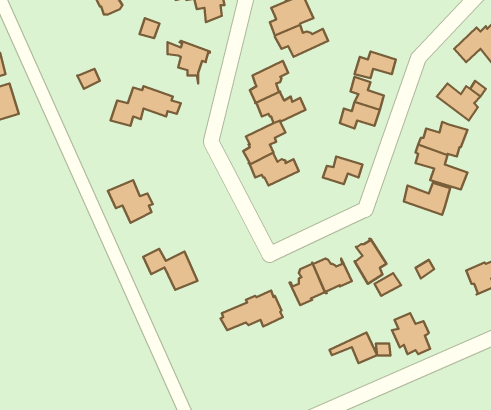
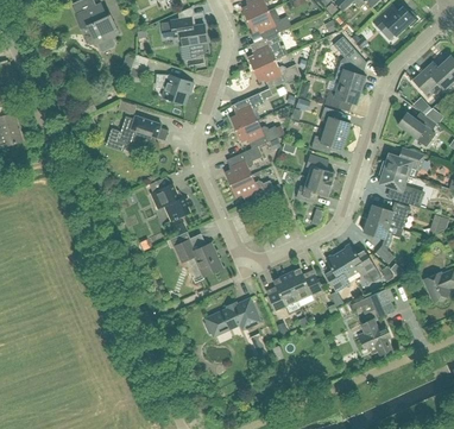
building: none -> [339,48,367,90]
building: none -> [307,153,335,184]
building: [108,180,153,223] -> [151,183,191,221]
building: none -> [364,217,403,263]
building: none -> [339,242,376,276]
building: [143,249,198,290] -> [175,239,223,276]
building: [329,333,377,363] -> [352,289,395,316]

